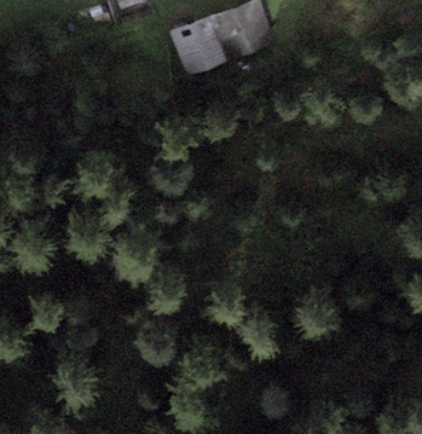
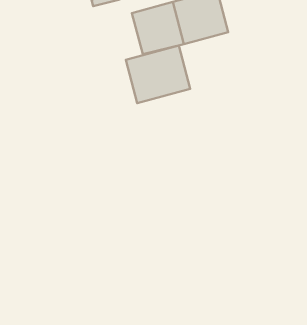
building: none -> [126,45,190,103]

